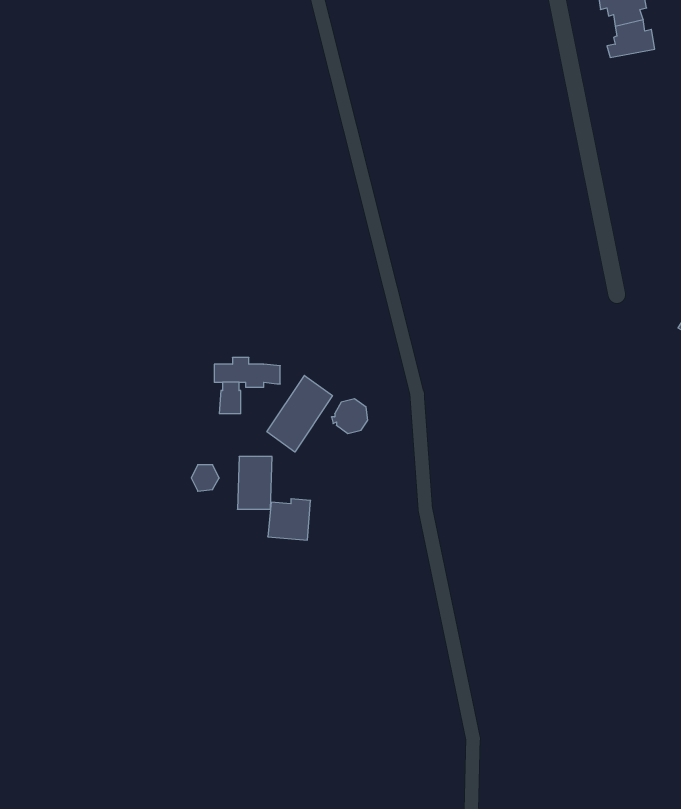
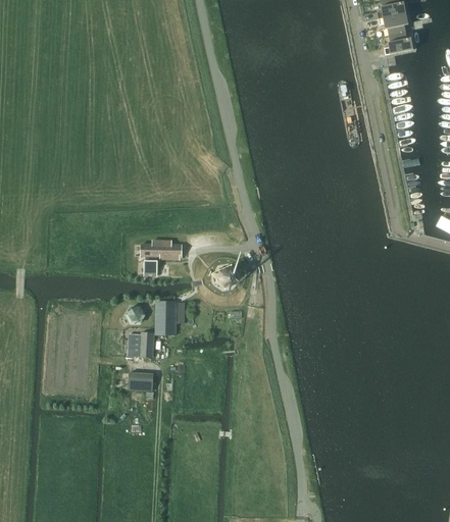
building: [267,375,332,452] -> none
building: [268,499,311,540] -> [128,332,154,358]
building: none -> [129,371,153,390]

